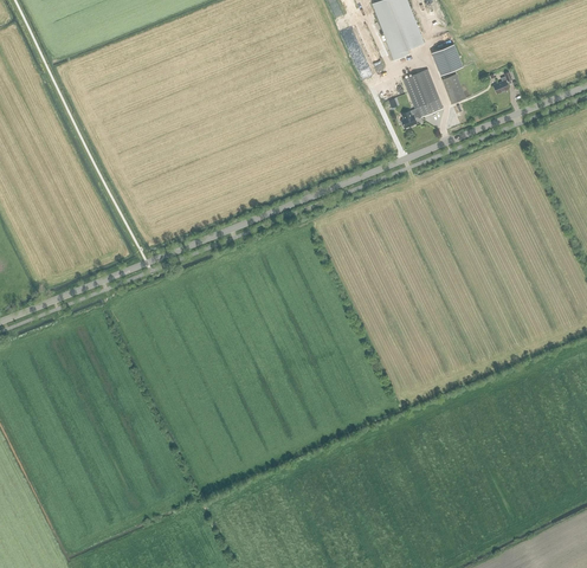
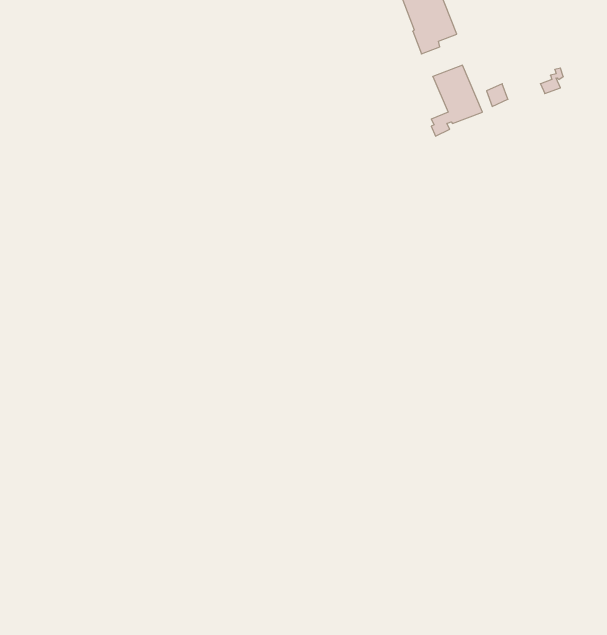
building: [432,44,463,75] -> none

